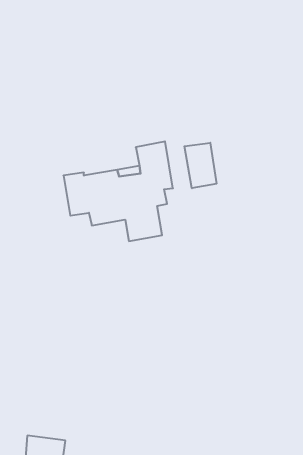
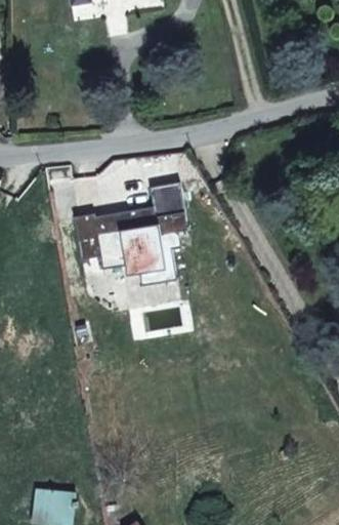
building: [184,143,216,188] -> none

